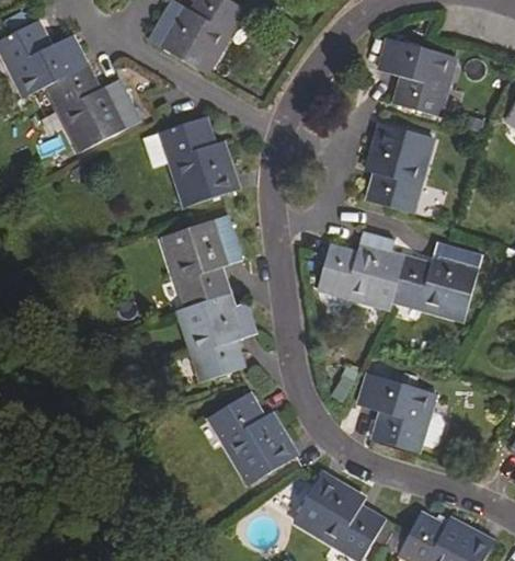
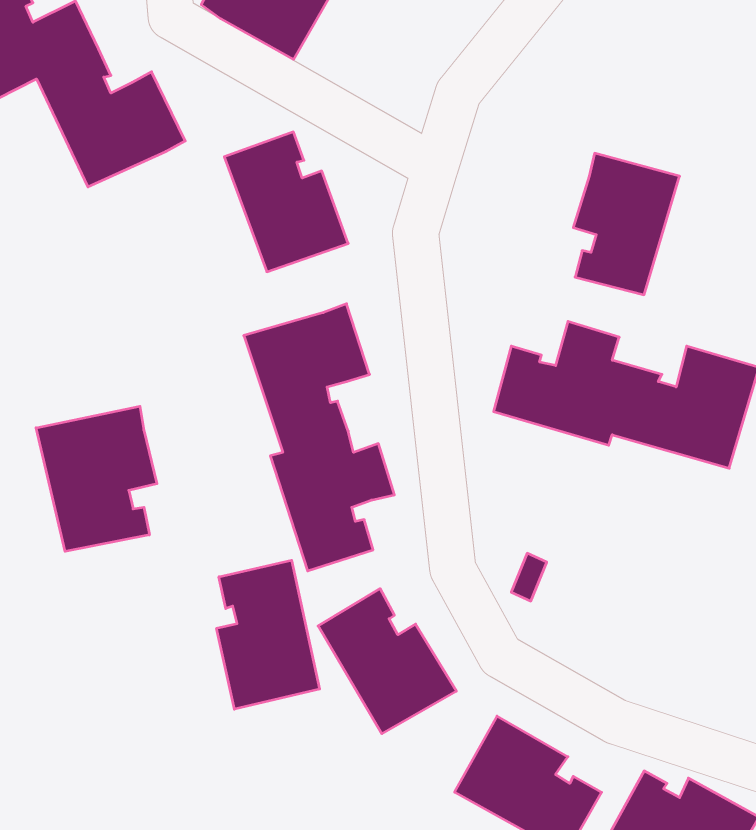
building: [384,46,458,122] -> none
building: none -> [36,406,157,551]
building: [354,368,430,444] -> none
building: none -> [217,560,320,709]

